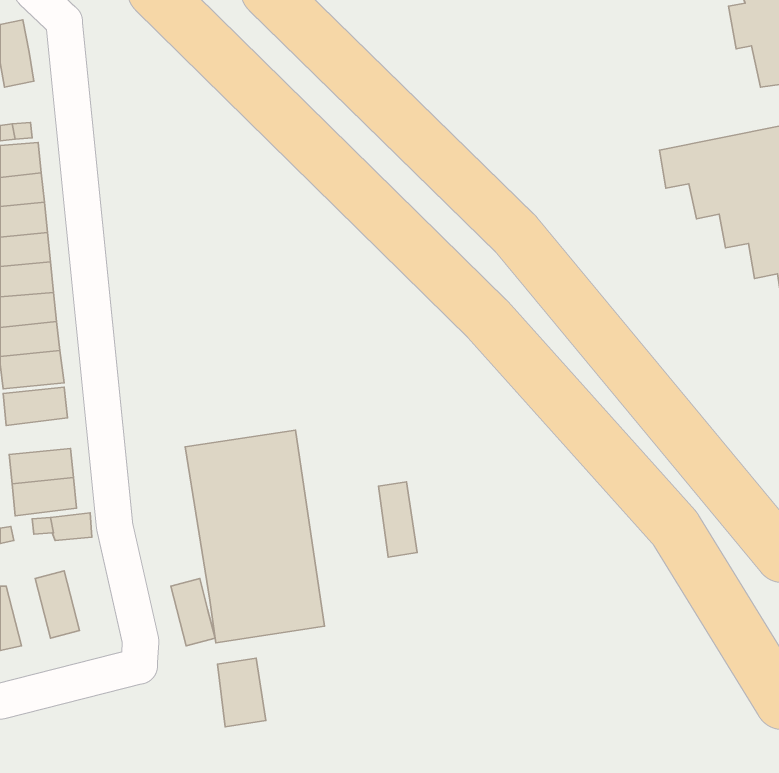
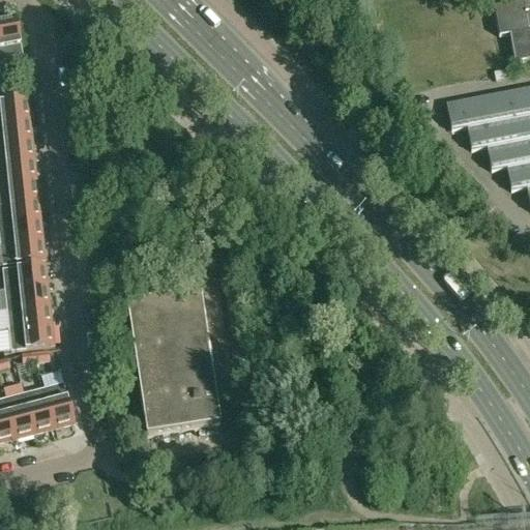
building: none -> [6,283,50,307]
building: [379,482,417,557] -> none
building: [171,579,215,646] -> [46,381,76,426]
building: none -> [6,391,36,437]
building: [217,658,266,727] -> none

